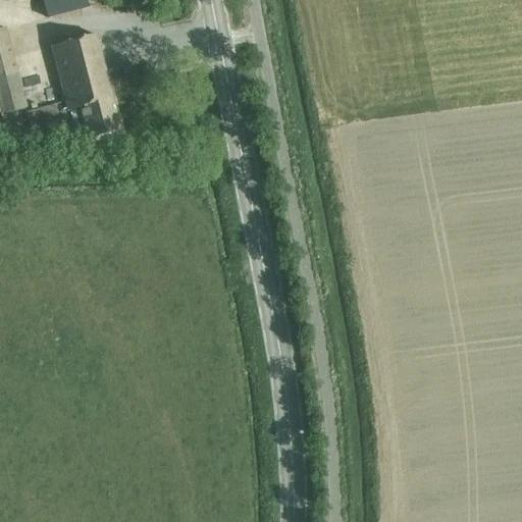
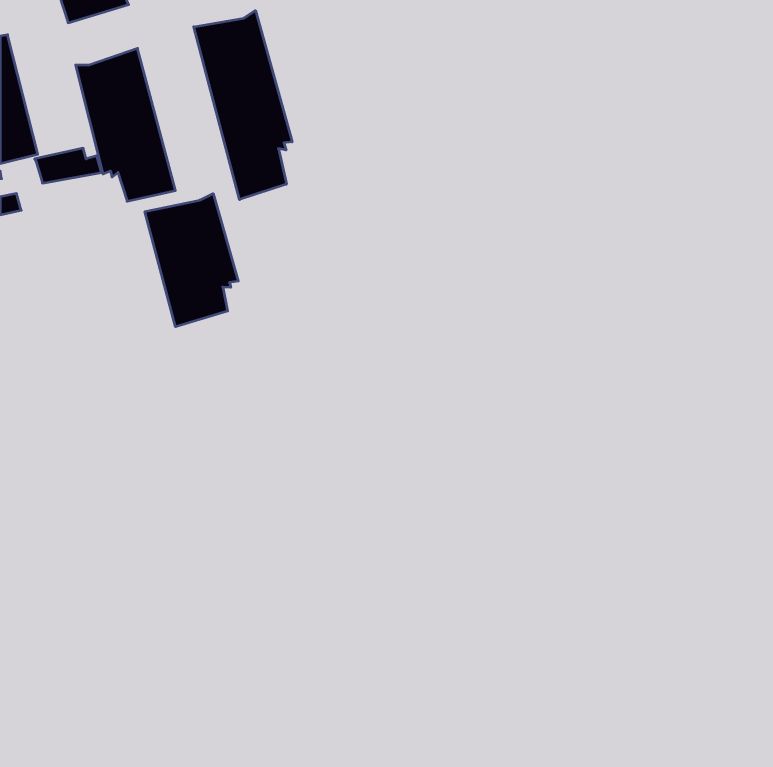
building: none -> [194,11,292,200]
building: none -> [145,194,238,327]

